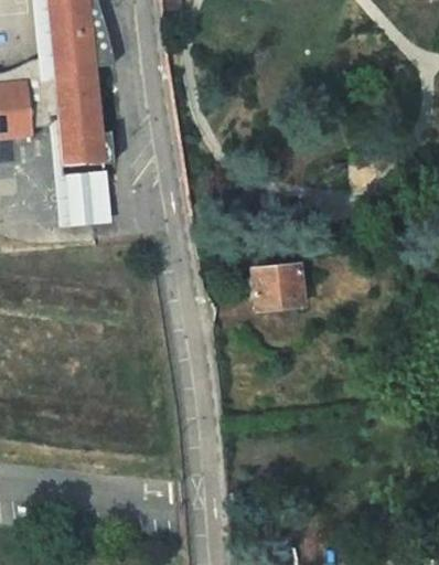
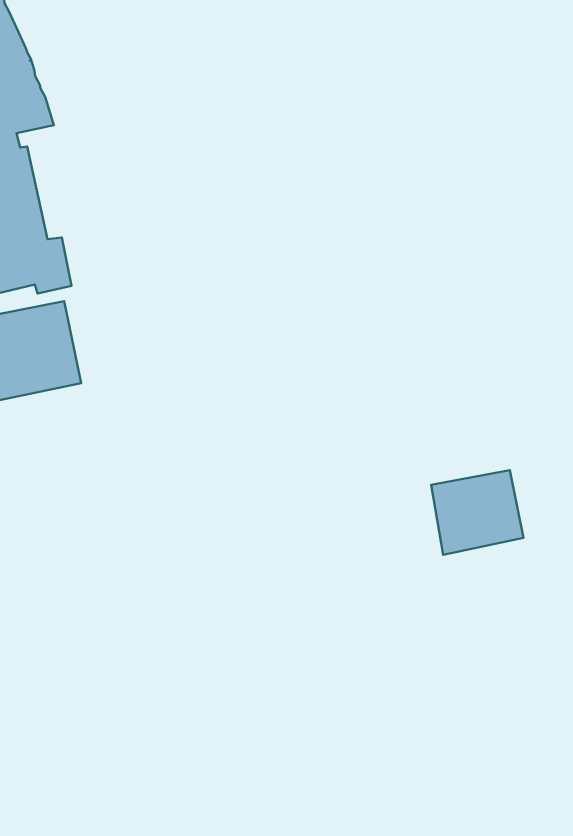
building: [258,274,310,320] -> [431,470,524,555]

